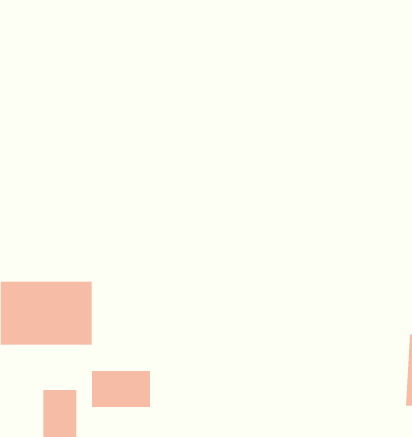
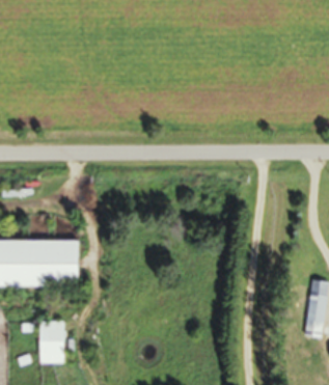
building: [92,370,150,408] -> none

